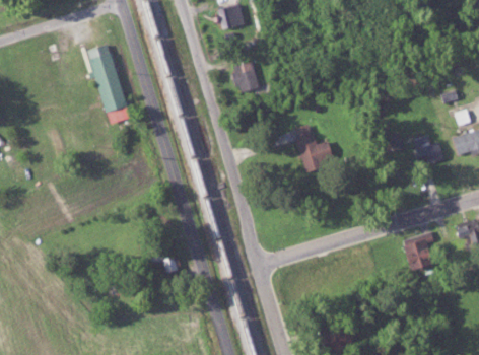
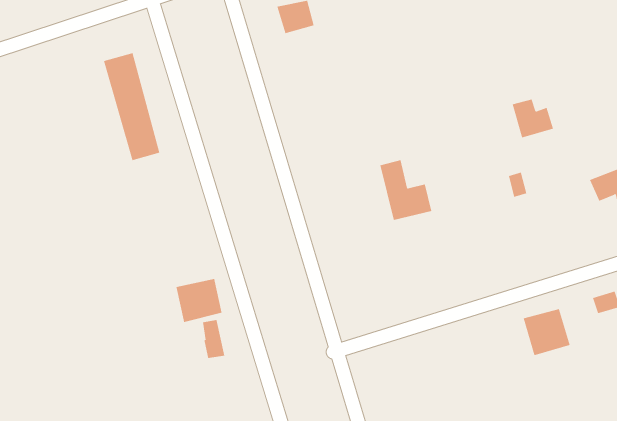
building: [232,62,260,92] -> none
building: [413,136,444,165] -> [512,99,554,138]
building: none -> [176,278,222,323]

